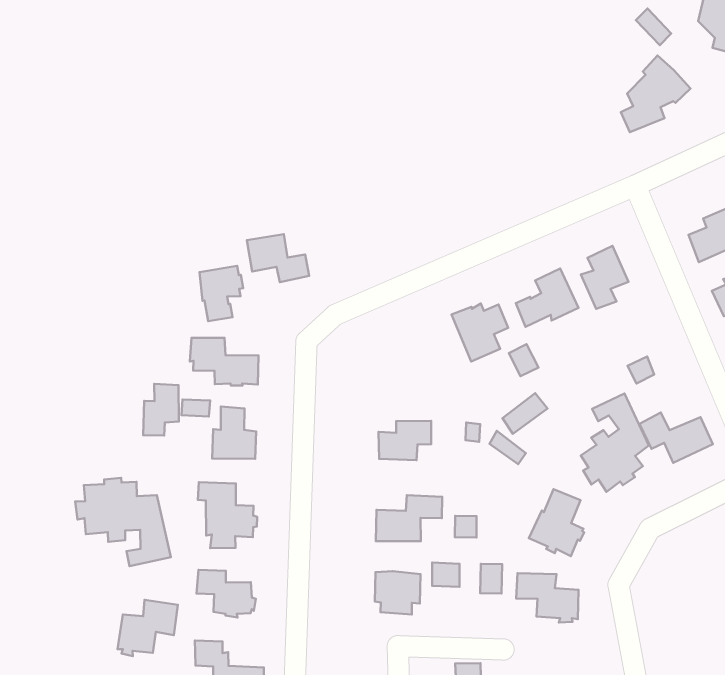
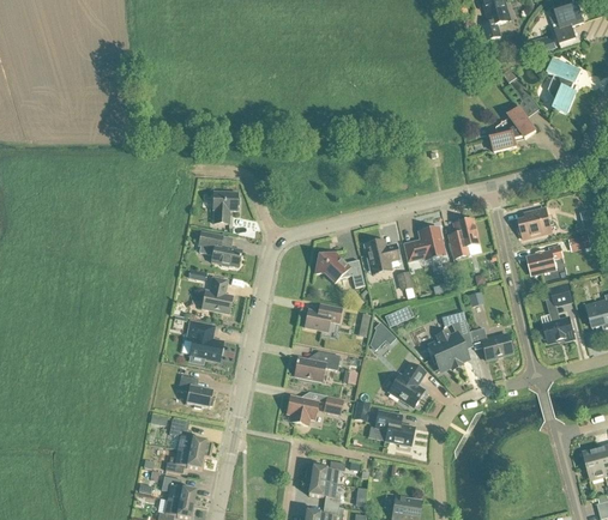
building: [247,234,309,282] -> none
building: none -> [314,252,365,288]
building: [143,384,179,436] -> none
building: [75,478,171,566] -> none
building: [118,600,178,656] -> none

